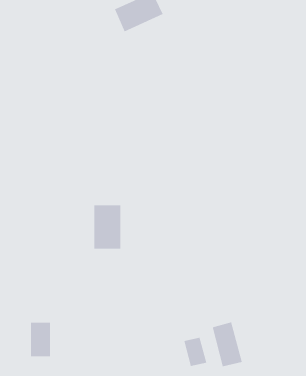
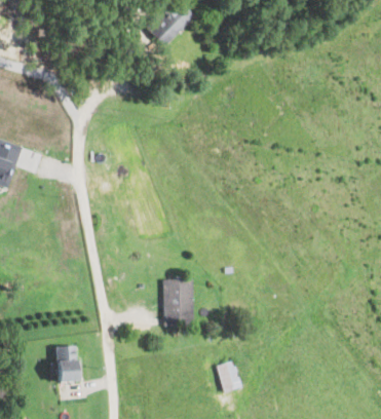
building: [94,205,121,249] -> [164,279,193,326]
building: [212,321,243,367] -> none

